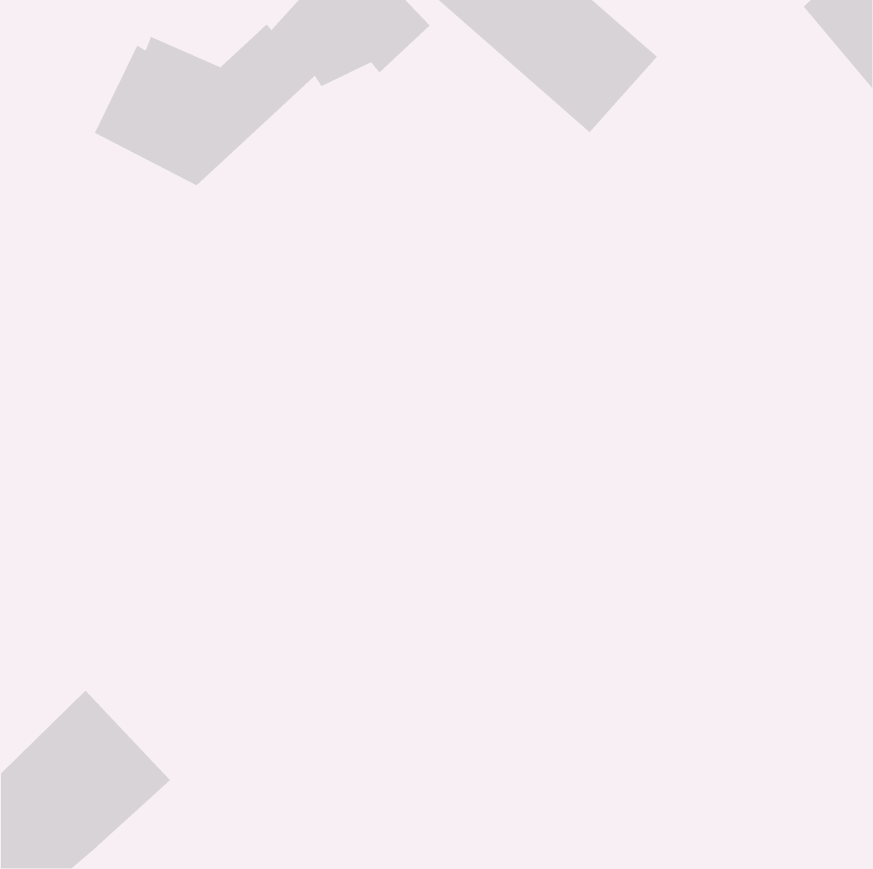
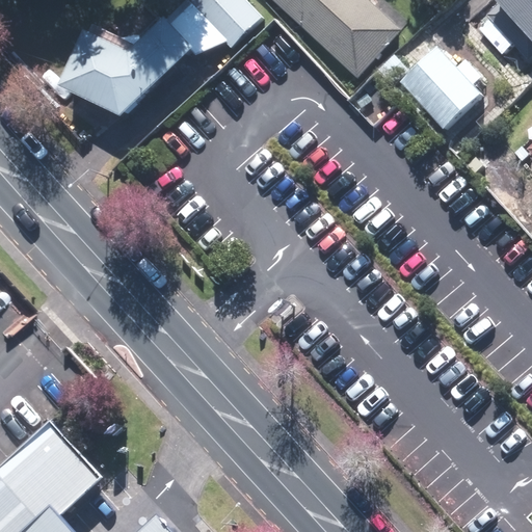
building: none -> [401,53,482,134]

